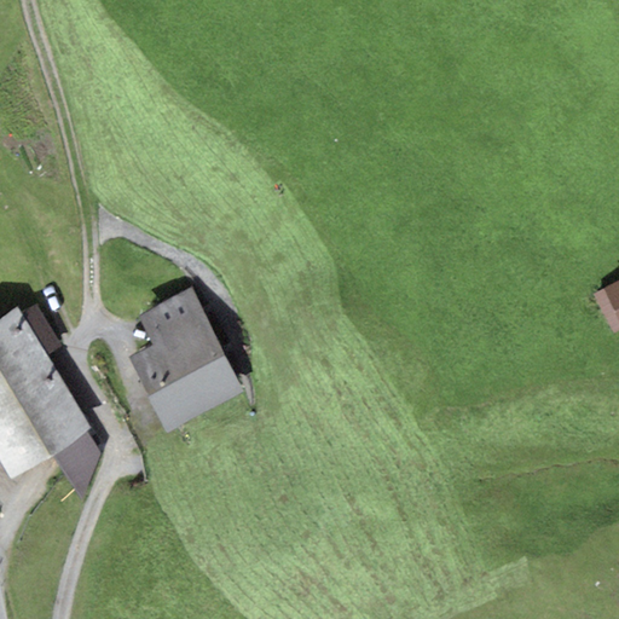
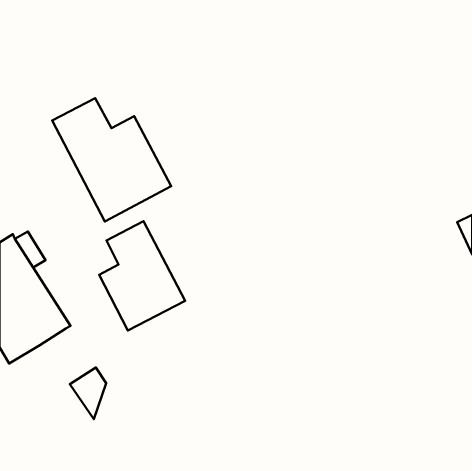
building: none -> [52,98,171,221]
building: [52,429,99,497] -> [70,367,106,419]

